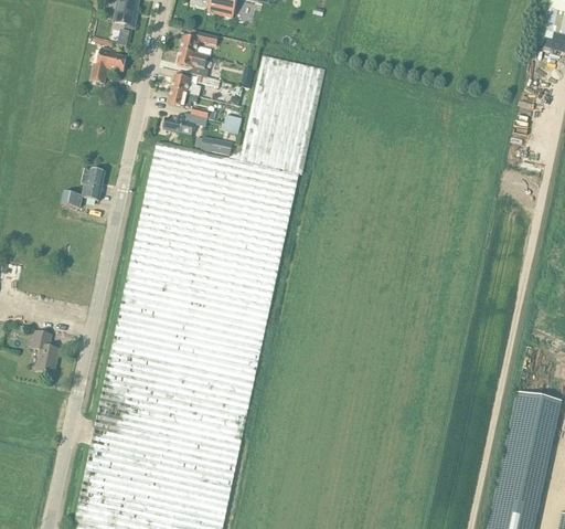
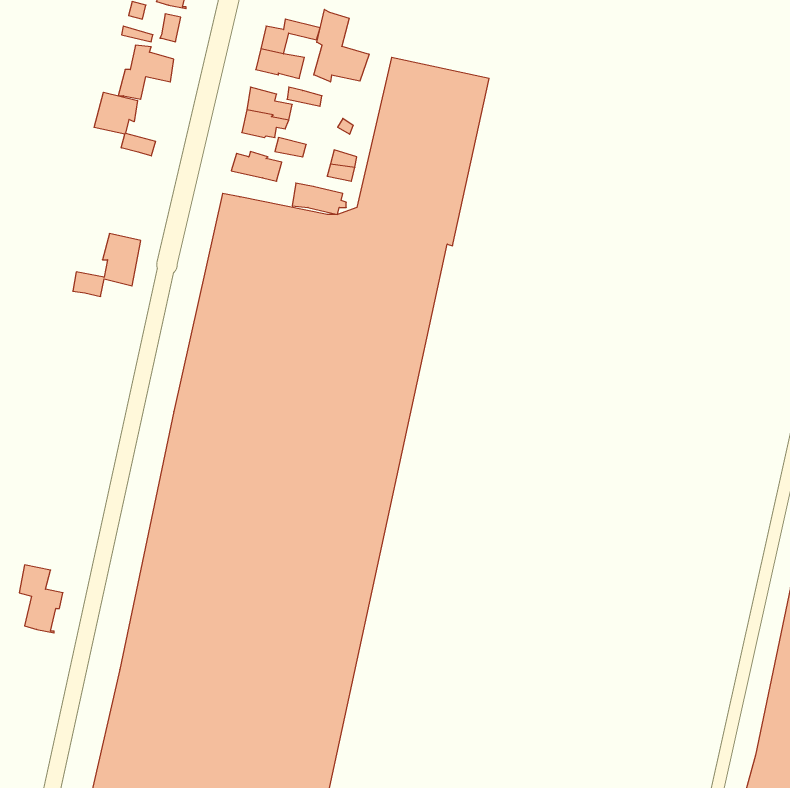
building: none -> [314,9,369,82]
building: none -> [94,92,155,156]
building: [32,331,60,374] -> [19,565,63,633]

